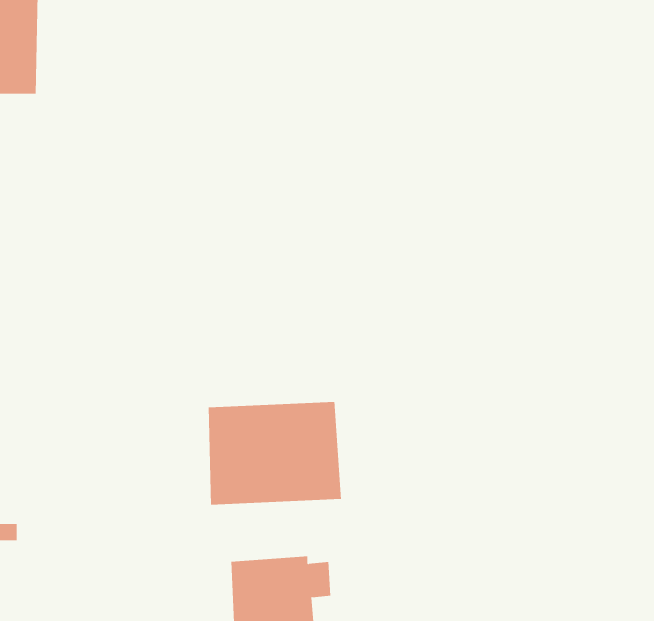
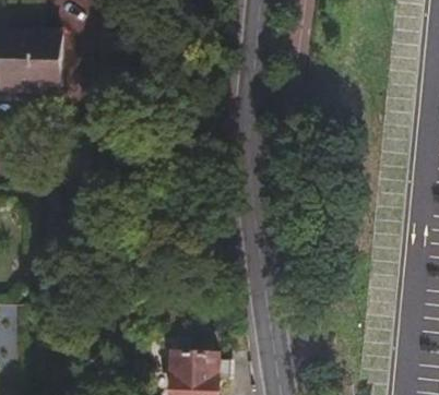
building: [208,401,342,506] -> none

